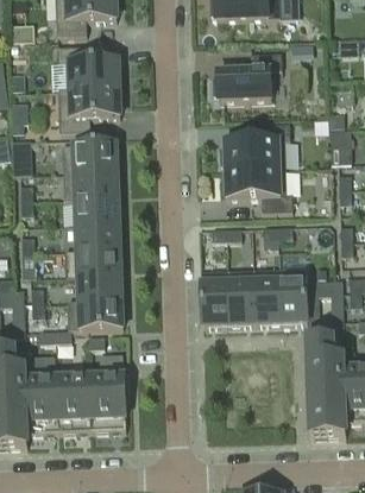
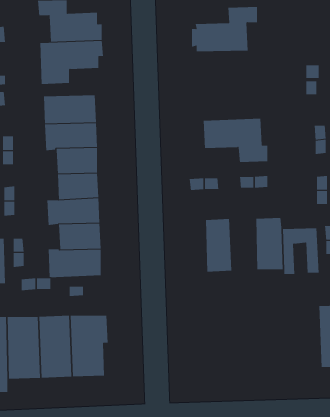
building: [221,124,290,170] -> none
building: [253,270,281,323] -> none
building: [202,271,229,324] -> none
building: [308,341,346,437] -> none

